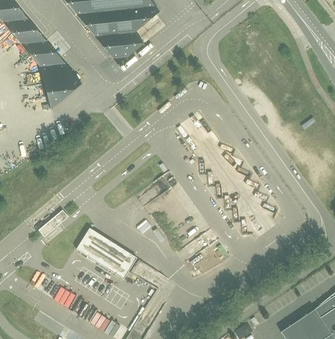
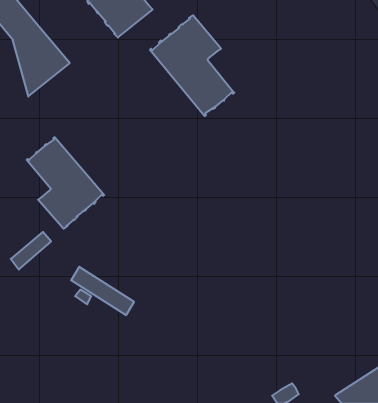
building: none -> [150,15,234,116]
building: none -> [27,137,104,229]

